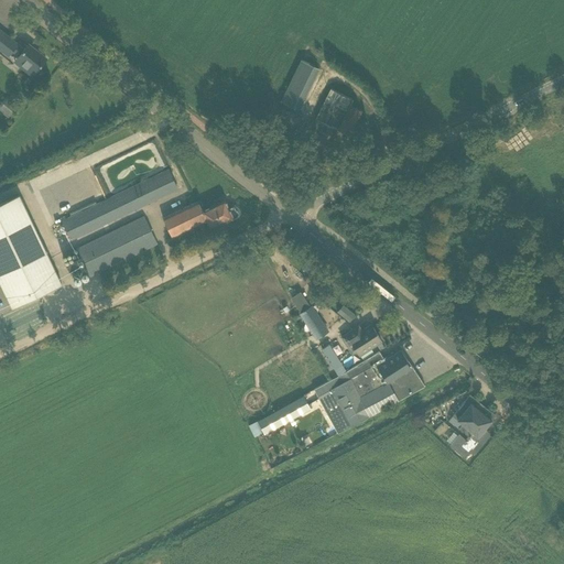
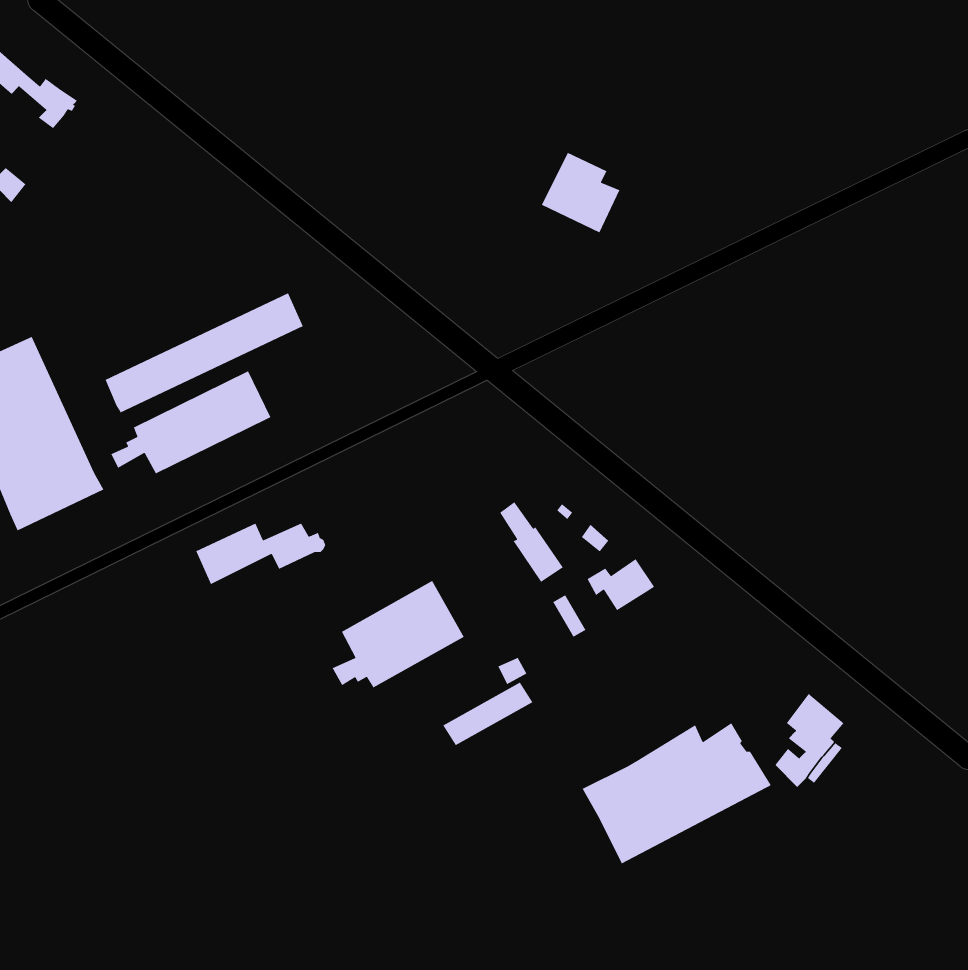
building: [279,59,317,110] -> none
building: [161,200,237,237] -> [195,522,326,585]
building: none -> [332,580,465,688]
building: [312,349,423,432] -> [582,722,773,865]

